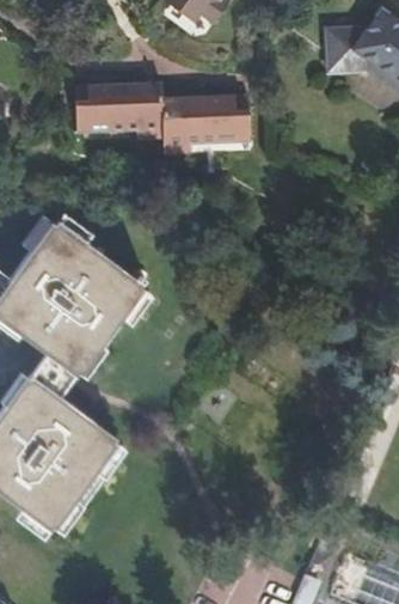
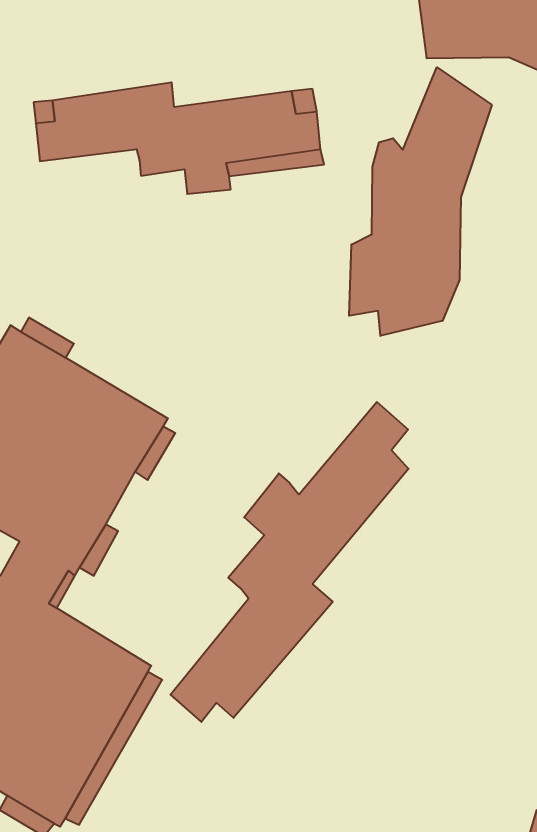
building: none -> [349,67,492,336]
building: none -> [170,402,409,722]

